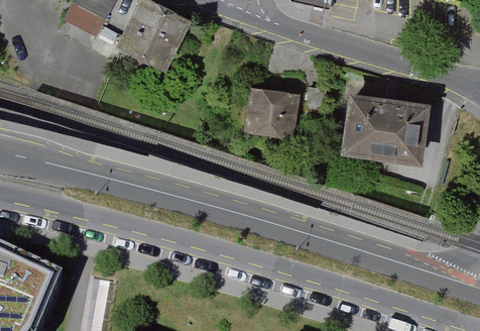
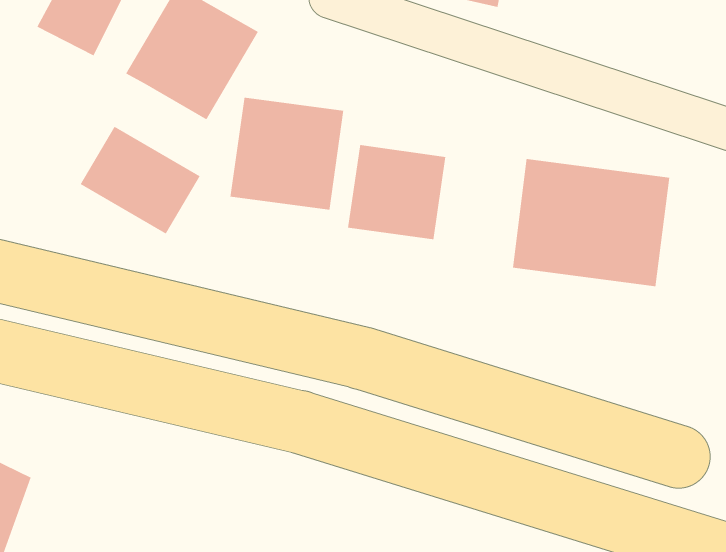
building: none -> [230,97,344,210]
building: none -> [80,126,200,234]

